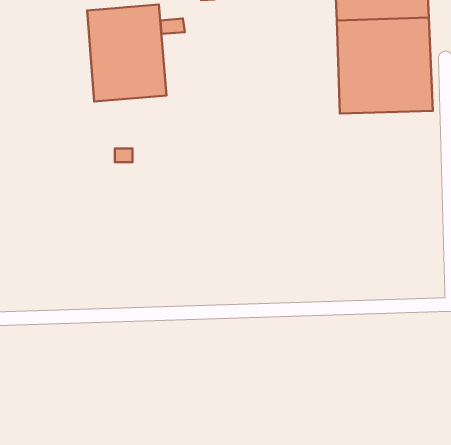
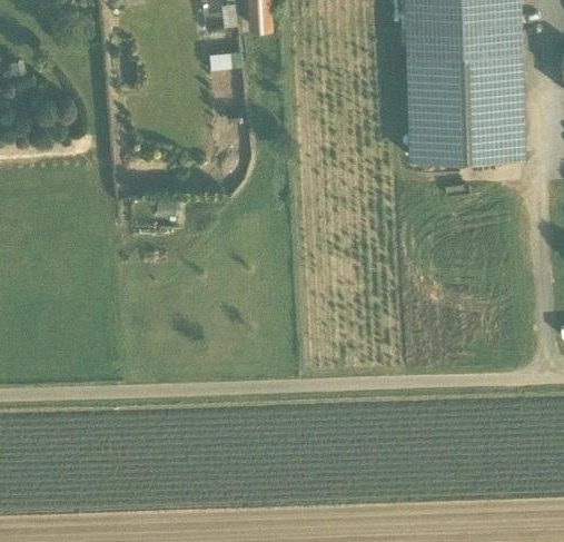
building: [87,5,167,101] -> none

